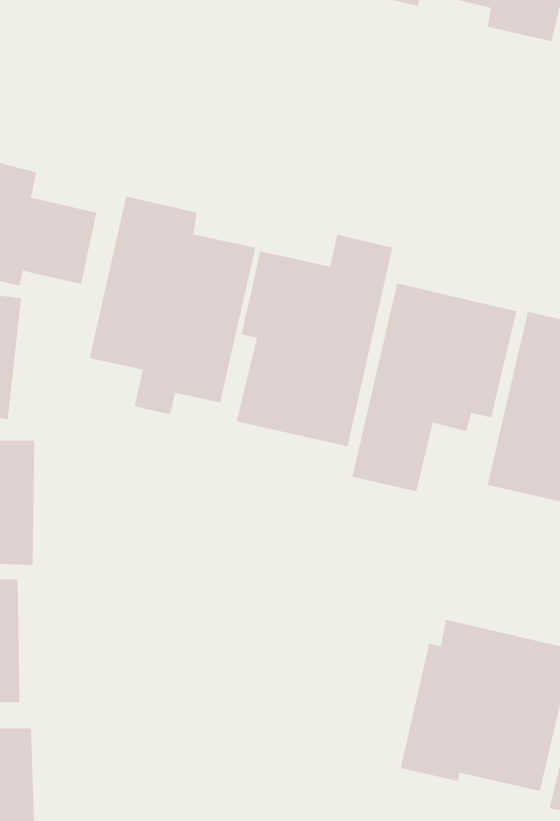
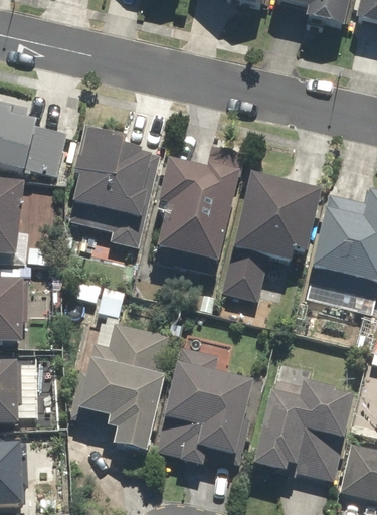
building: none -> [69,322,172,455]
building: none -> [160,345,250,467]

